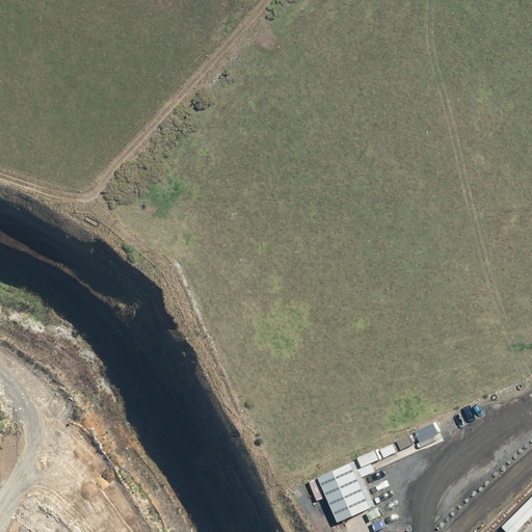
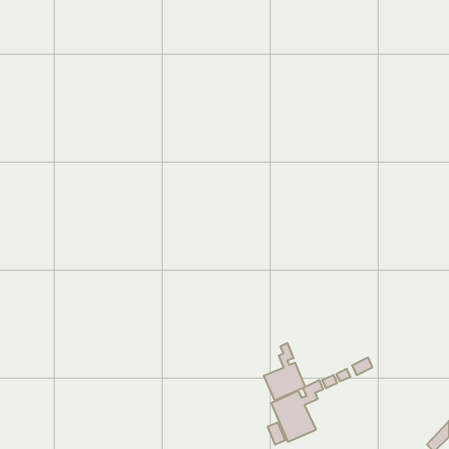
building: none -> [264,343,305,401]

